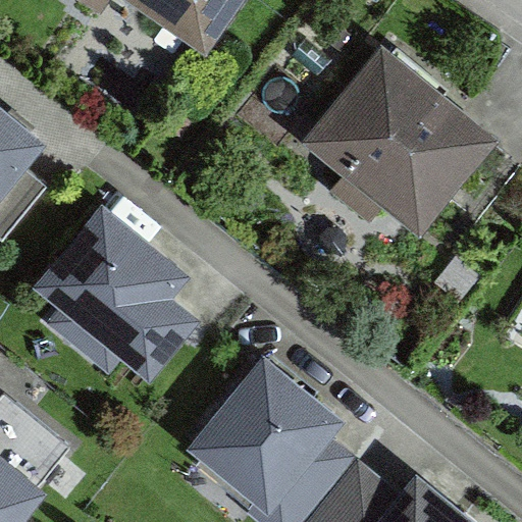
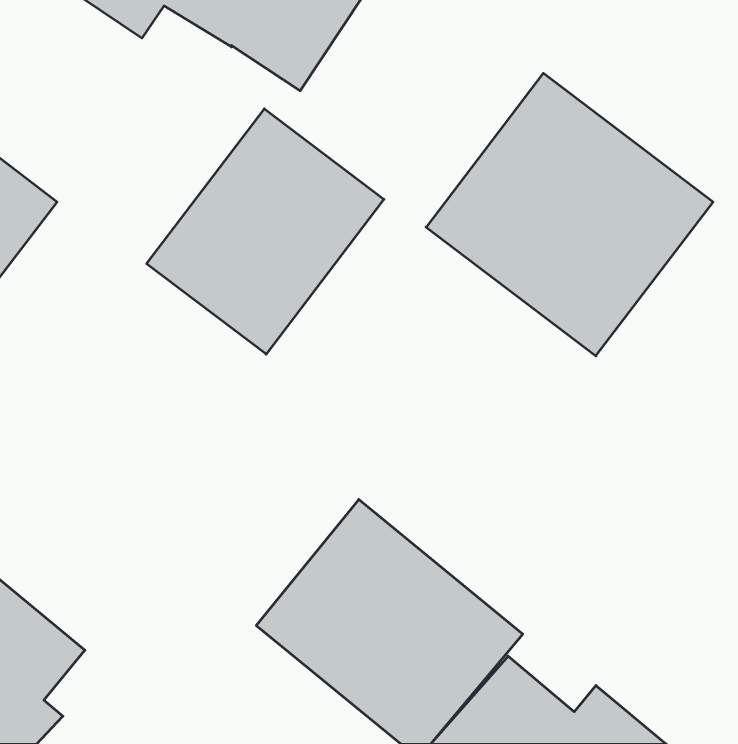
building: none -> [147,109,384,354]
building: [33,204,212,376] -> none

